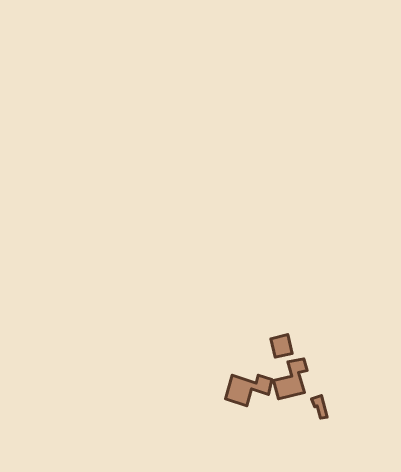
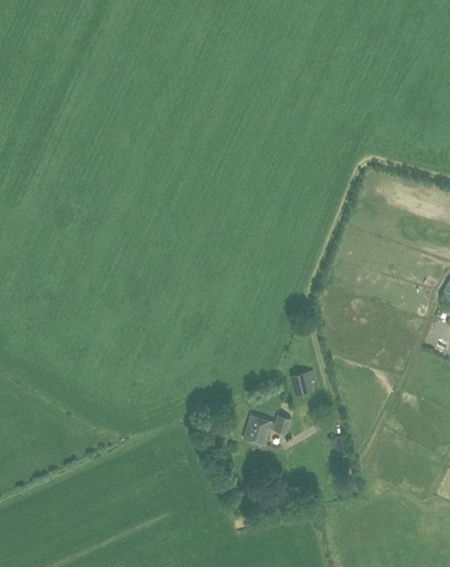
building: [273,359,307,399] -> none

